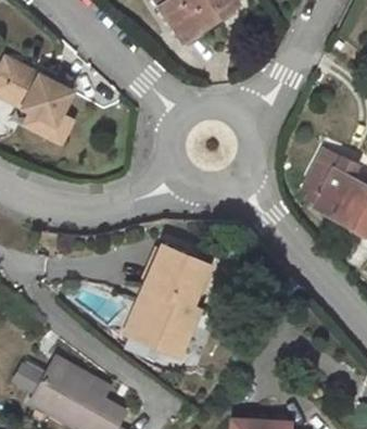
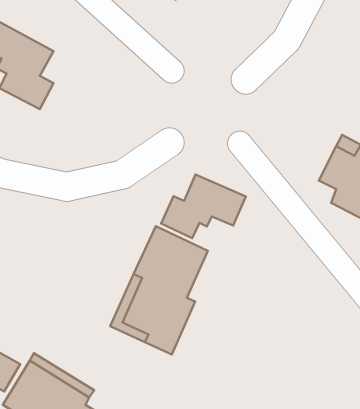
building: none -> [161,174,246,238]

